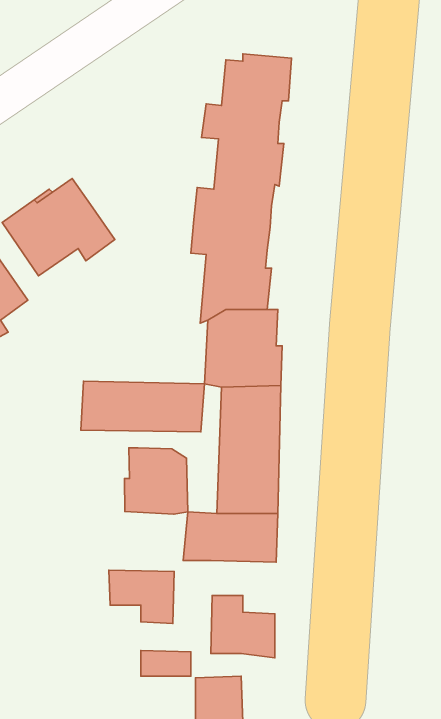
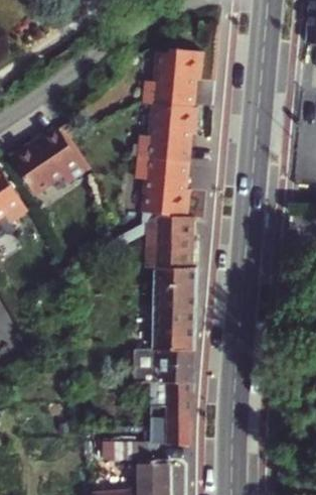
building: [81,381,205,432] -> none
building: [124,448,188,514] -> none
building: [109,570,174,623] -> [149,383,192,418]

